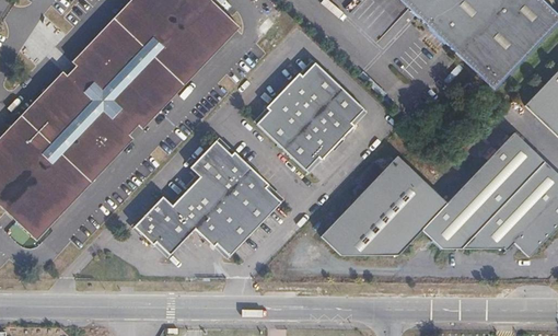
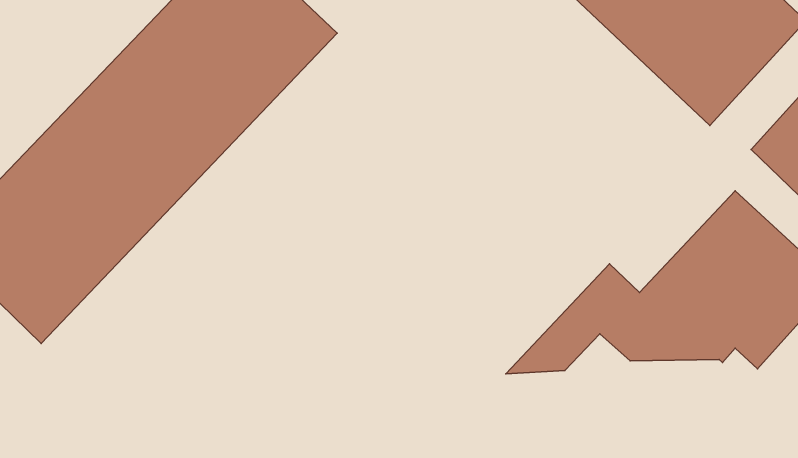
building: [255,62,363,172] -> none
building: [132,140,280,256] -> none
building: [321,157,427,259] -> none

